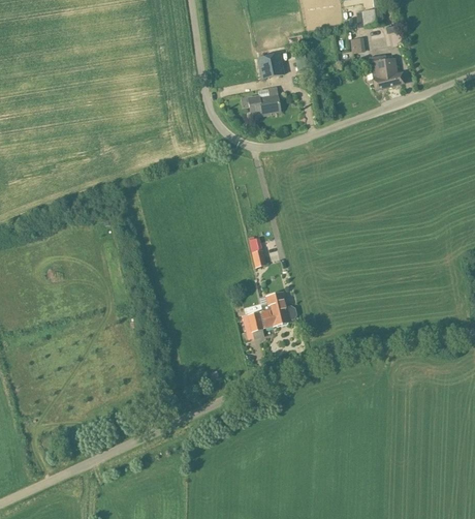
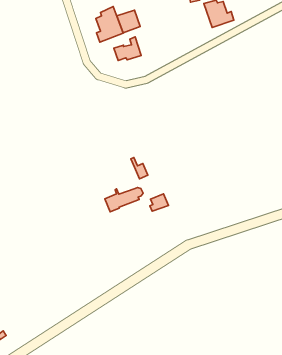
building: none -> [96,7,123,42]
building: [247,303,296,331] -> [105,188,143,212]

